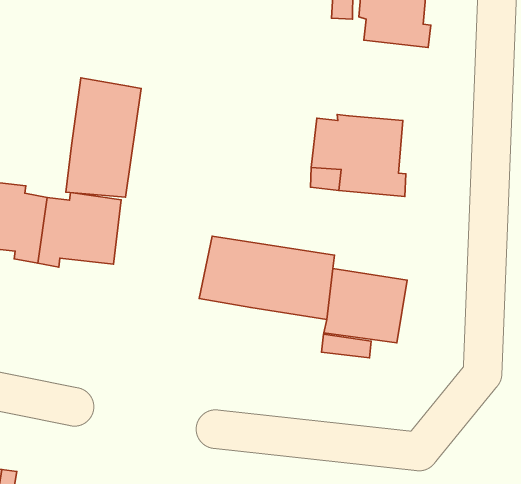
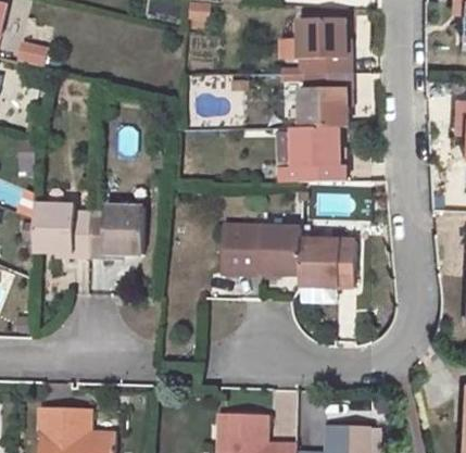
building: none -> [300,73,353,128]
building: [66,78,141,197] -> none

